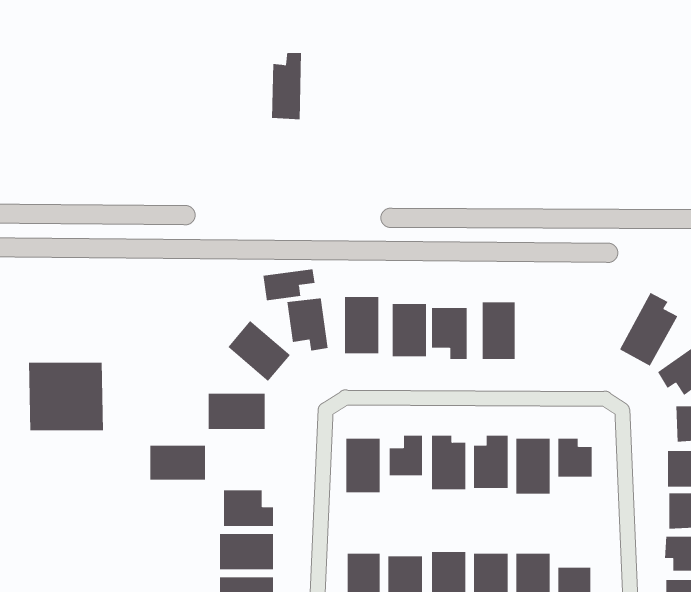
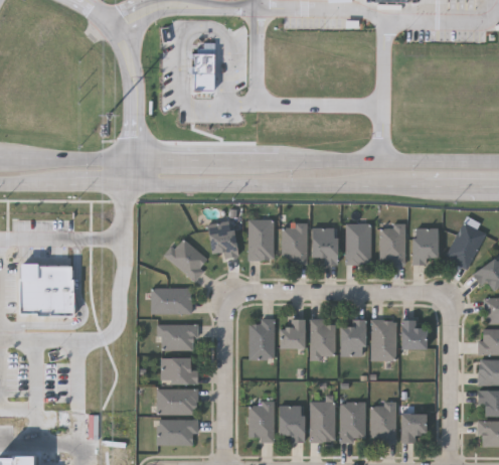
building: [263,268,315,301] -> none
building: none -> [380,222,405,264]
building: none -> [412,227,438,264]
building: [150,445,206,480] -> [158,324,198,349]

